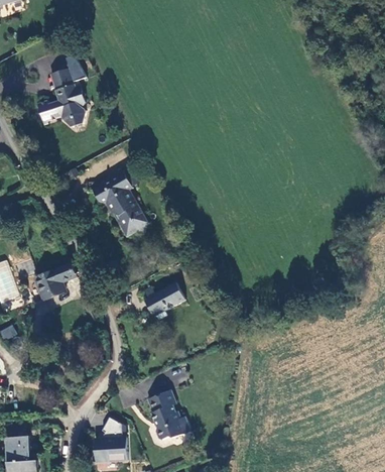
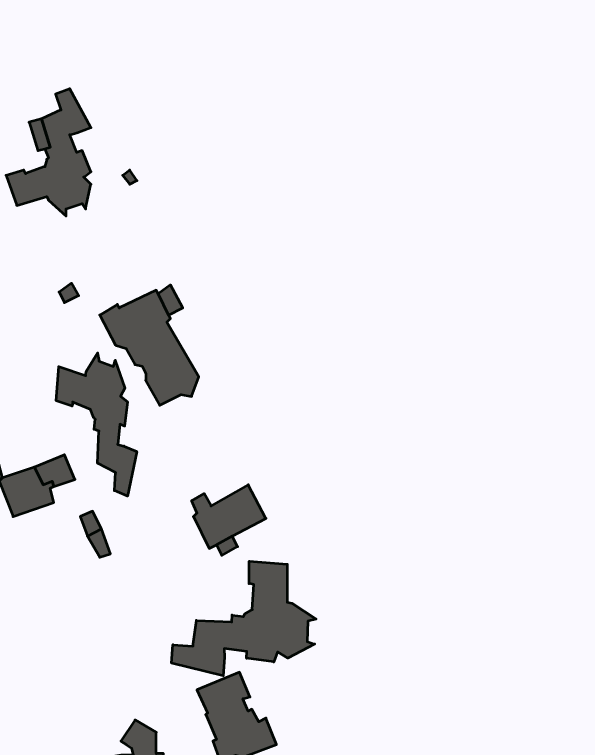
building: none -> [56,353,137,496]
building: none -> [172,561,316,676]

